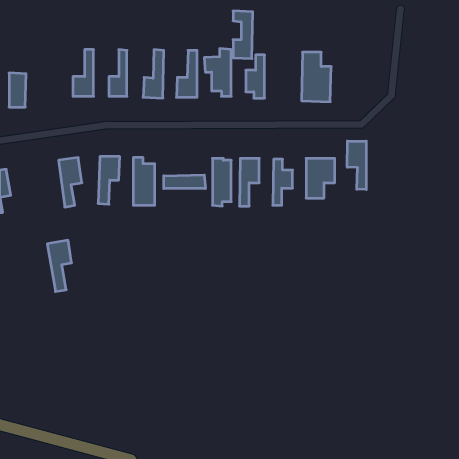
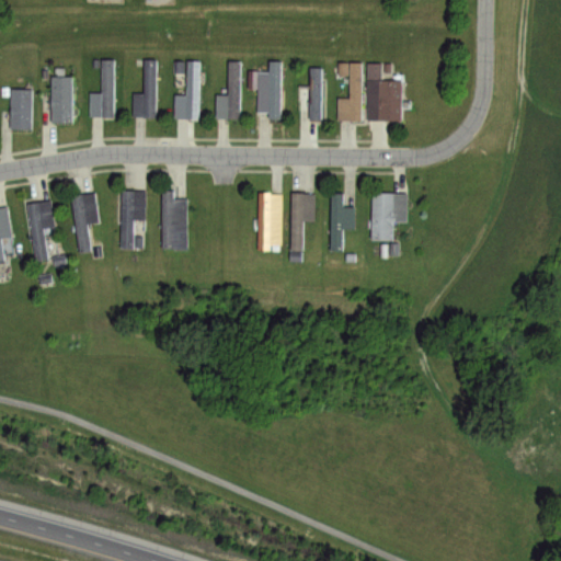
building: [233,11,253,59] -> [339,64,363,122]
building: none -> [51,77,71,124]
building: [347,141,366,190] -> none
building: [164,175,205,189] -> none
building: [47,240,72,292] -> [26,201,56,263]

